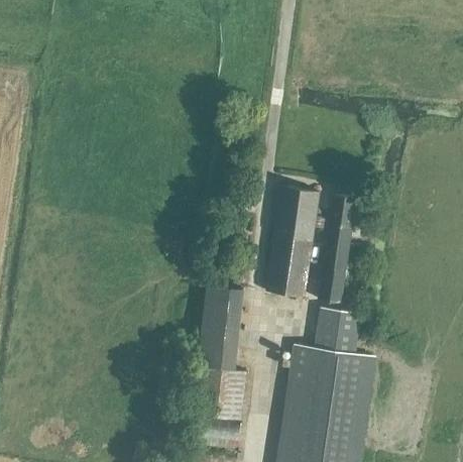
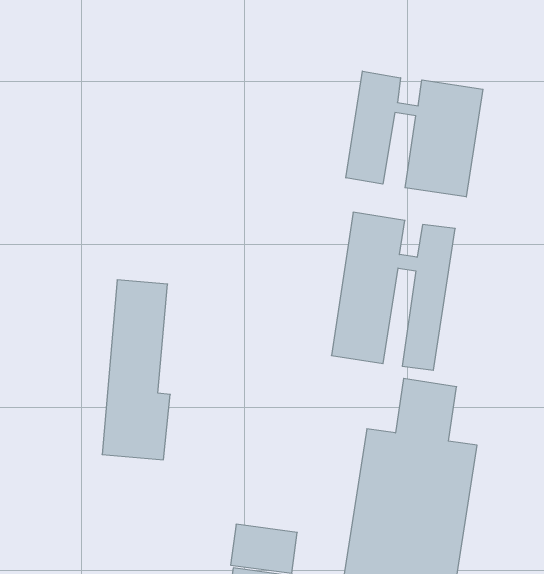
building: none -> [346,71,483,197]
building: [198,283,248,417] -> [102,280,170,460]

